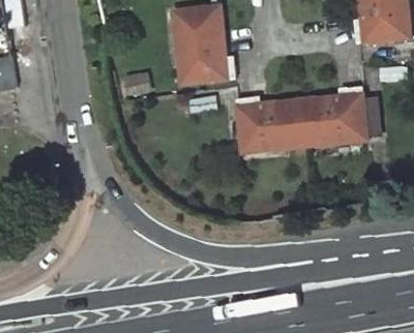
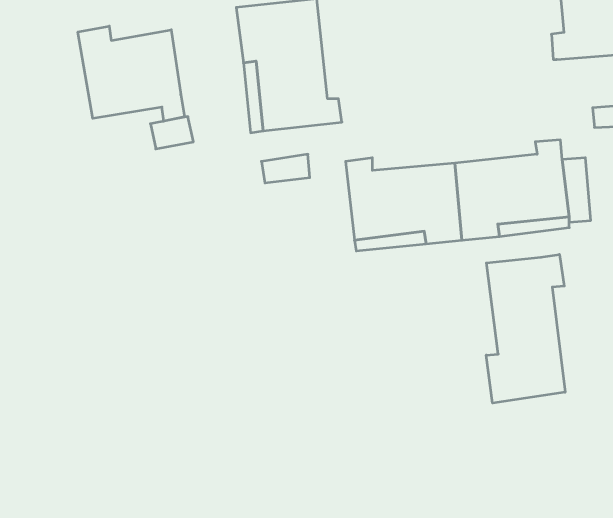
building: none -> [78,26,185,121]
building: none -> [486,254,565,403]

